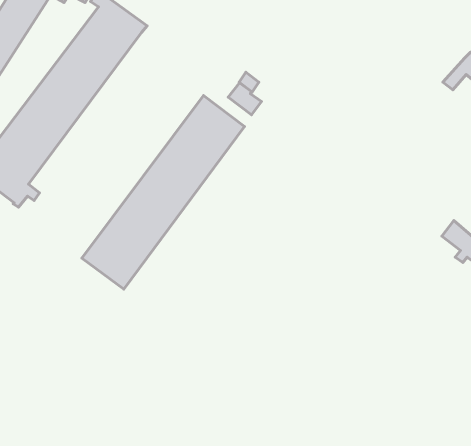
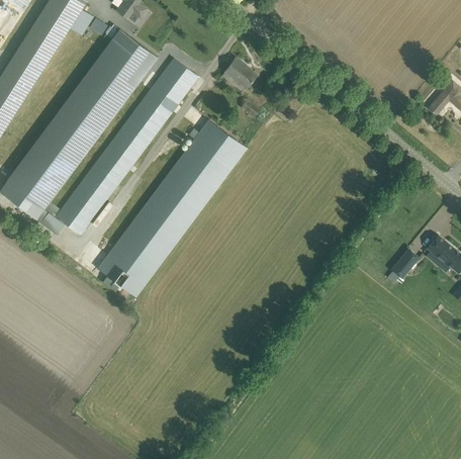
building: none -> [55,59,197,236]
building: [228,83,262,115] -> [224,59,255,88]
building: none -> [390,249,419,279]

